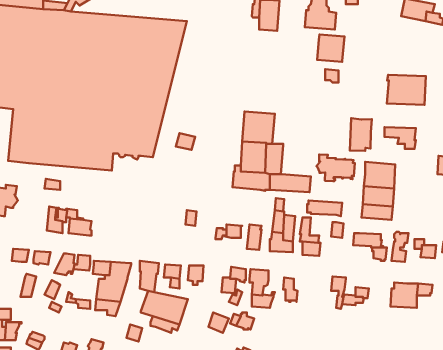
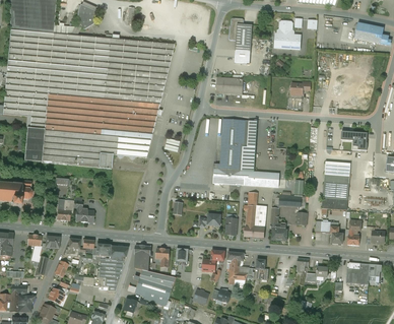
building: [317,34,345,62] -> none
building: none -> [216,77,243,94]
building: [387,75,426,105] -> none
building: [350,118,372,151] -> none
building: [317,154,355,181] -> none

